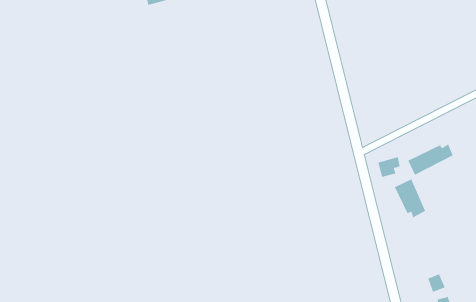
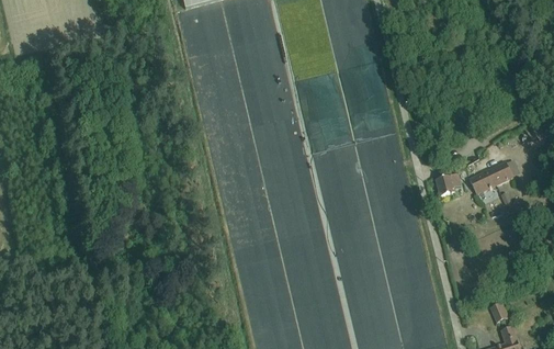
building: [394,178,426,218] -> none

